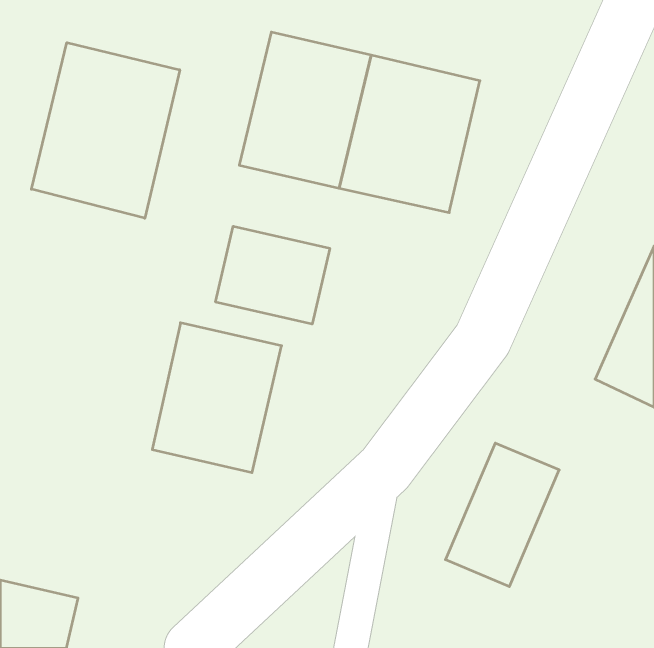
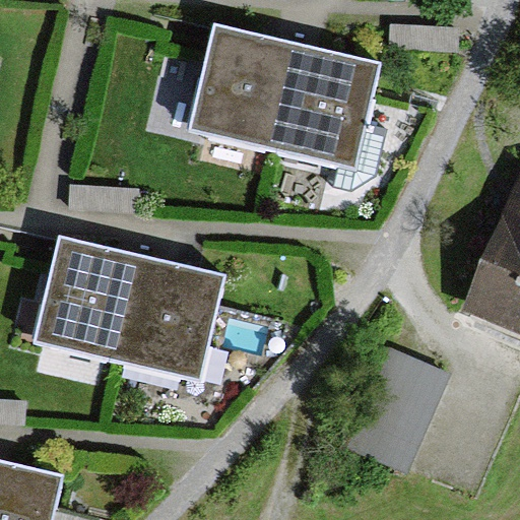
building: [31,43,180,218] -> none
building: [216,226,330,324] -> none
building: none -> [41,238,143,356]

